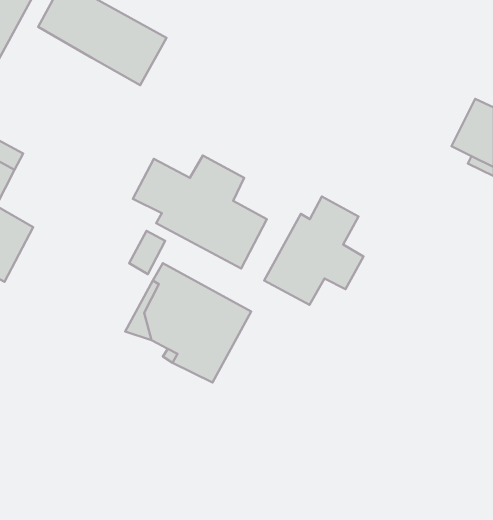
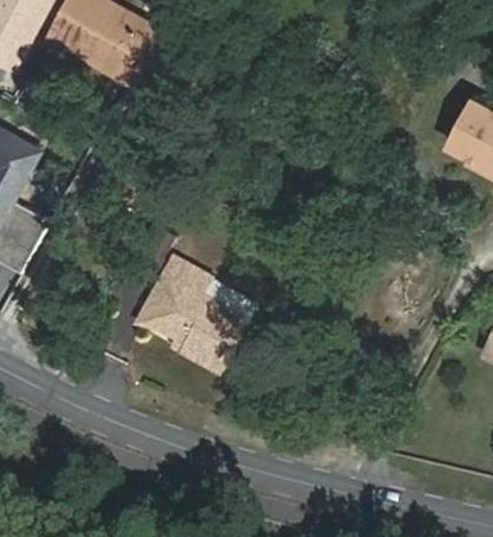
building: [133,156,267,268] -> none
building: [264,196,364,305] -> none

